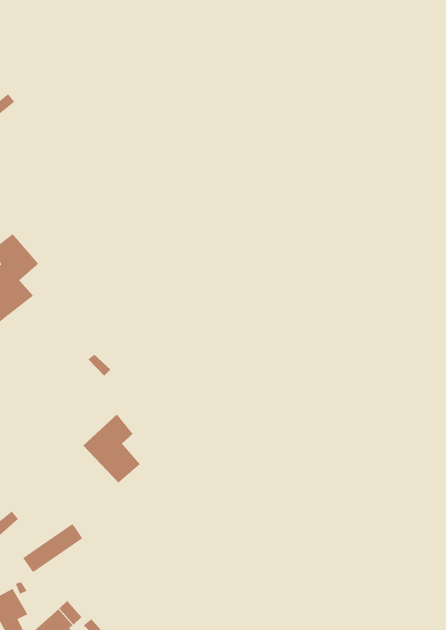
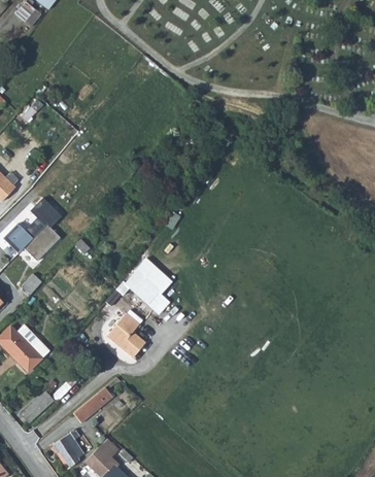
building: none -> [126,259,174,316]

